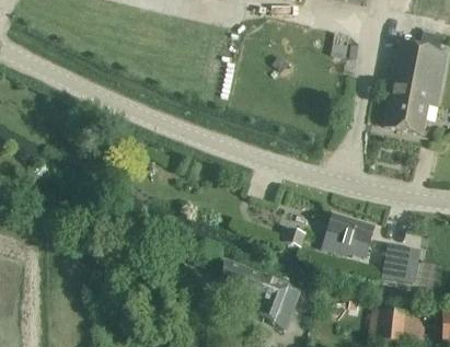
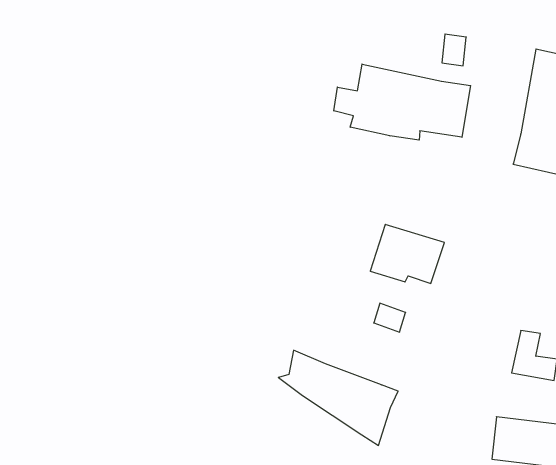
building: none -> [334,64,471,140]
building: [322,211,376,254] -> [370,224,444,283]

